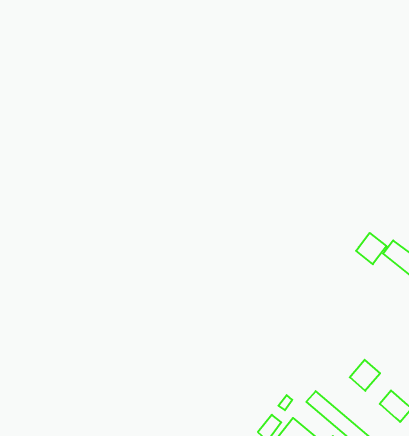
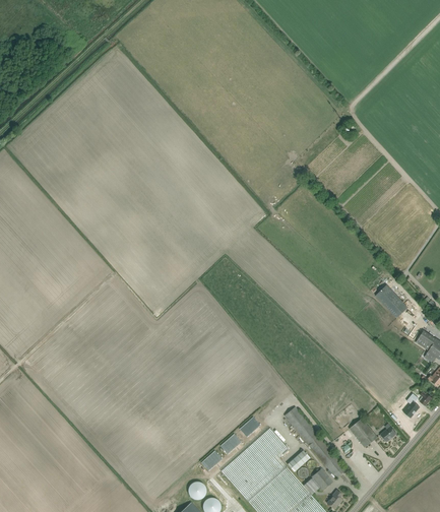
building: [356,233,387,264] -> none
building: [350,360,380,391] -> none

